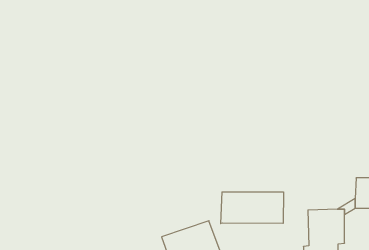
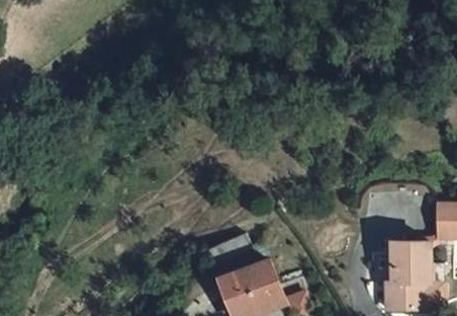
building: [221,192,283,224] -> none

